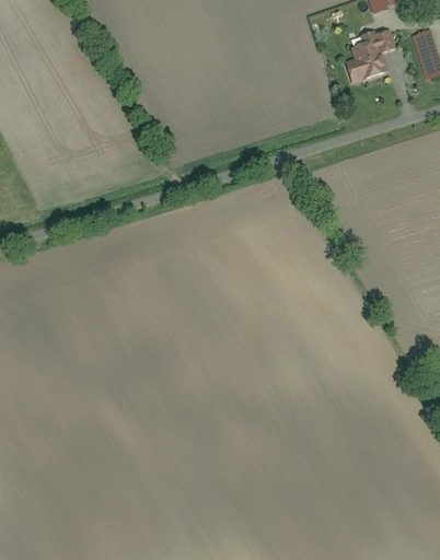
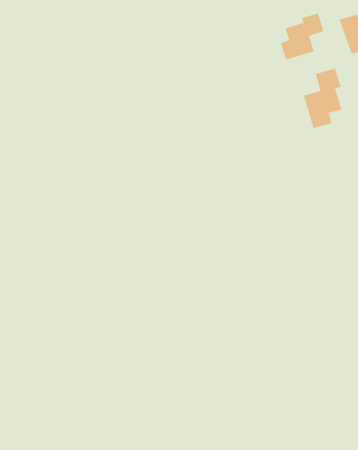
building: none -> [303,68,342,129]

